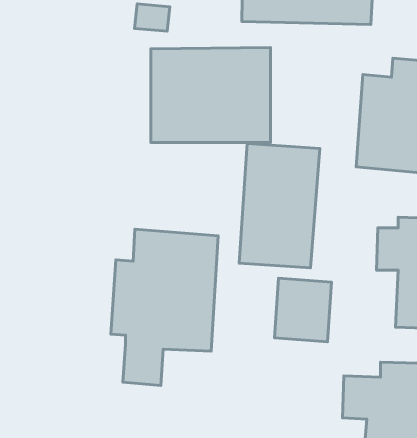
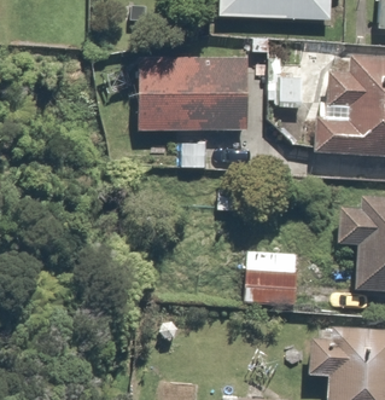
building: [239,143,320,268] -> none
building: [111,229,218,386] -> none

